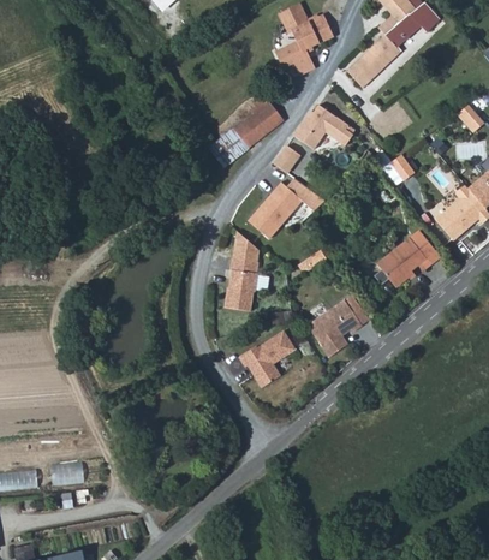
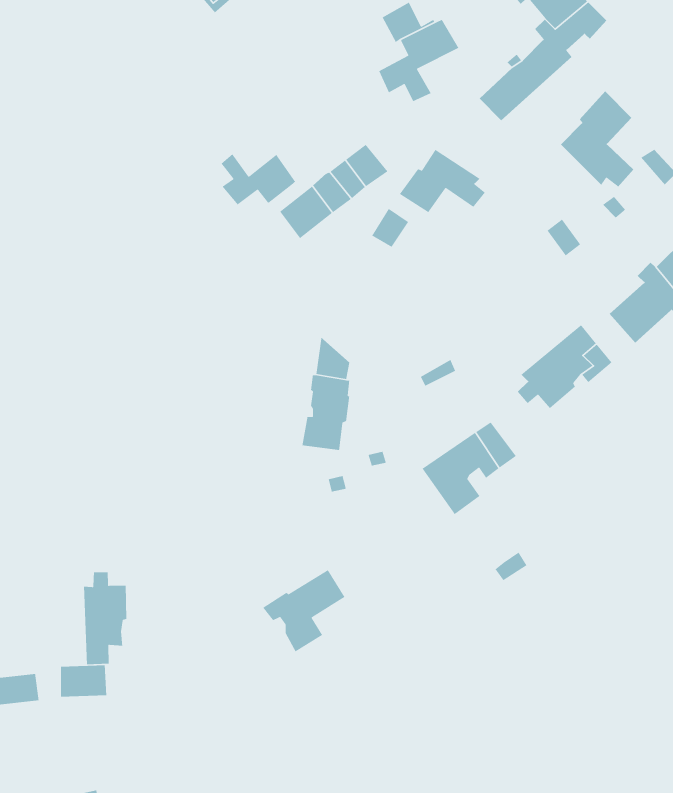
building: none -> [560,90,634,188]
building: none -> [221,153,296,206]
building: [249,181,304,238] -> none
building: [238,332,296,389] -> [262,569,346,653]
building: none -> [83,571,127,665]

